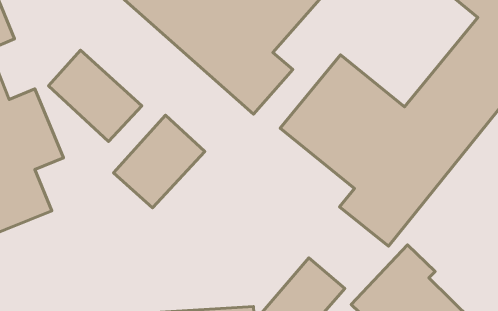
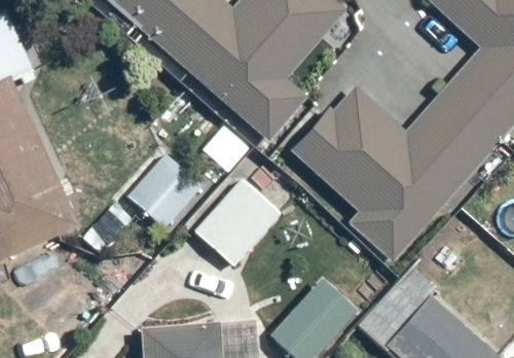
building: [48,50,142,142] -> none
building: none -> [195,174,288,268]

